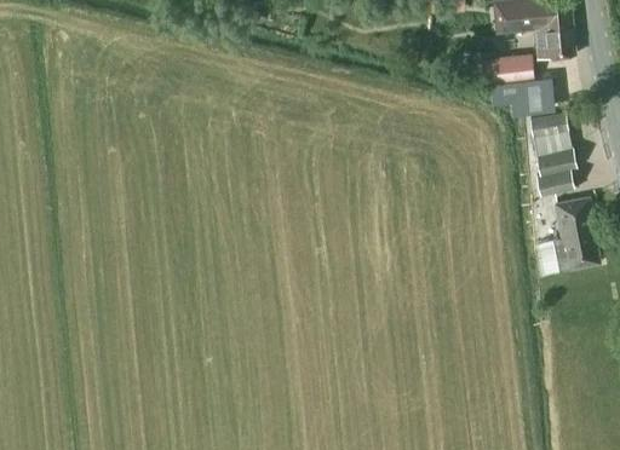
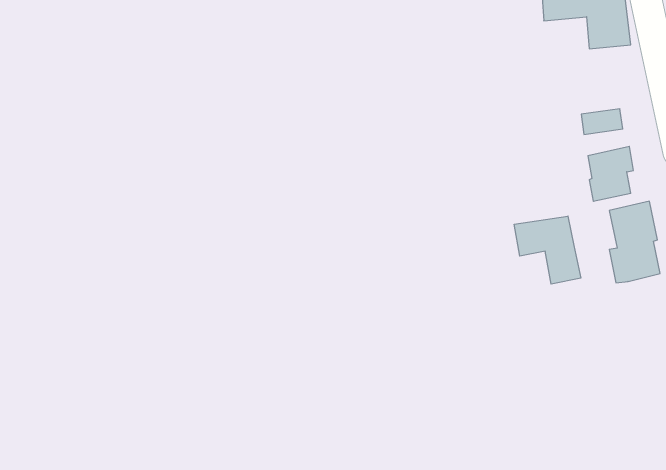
building: [476,54,546,112] -> none
building: none -> [514,216,581,284]

